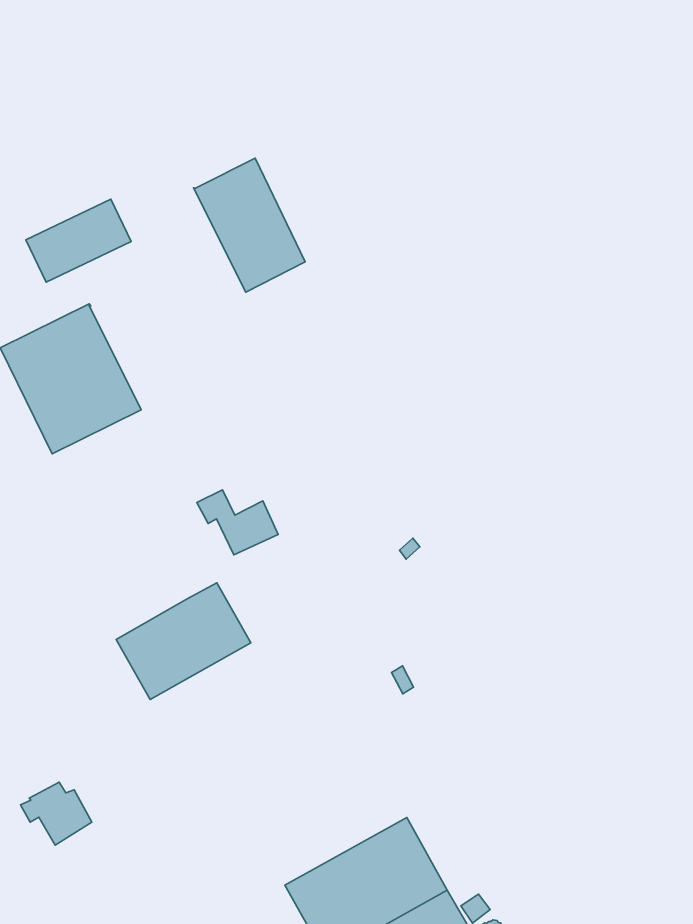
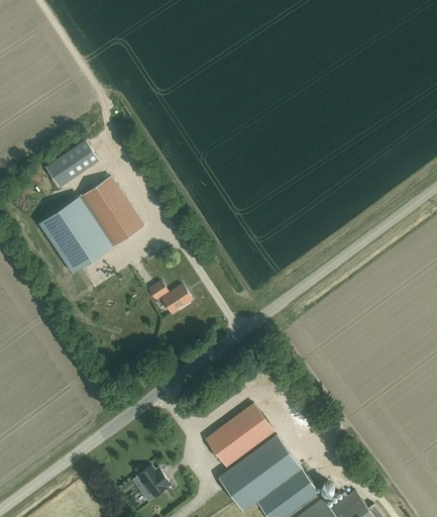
building: [194,158,305,292] -> [81,177,142,245]
building: [116,583,251,699] -> [205,403,274,467]
building: [20,782,92,845] -> [132,466,170,498]

